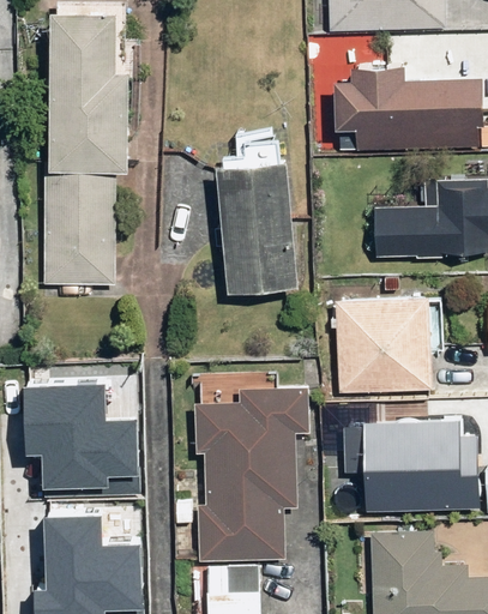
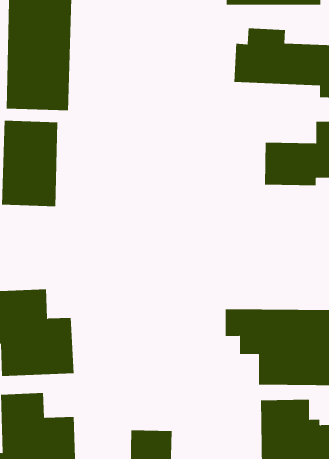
building: [221,158,296,290] -> none
building: [333,299,436,392] -> none
building: [197,385,309,559] -> none

